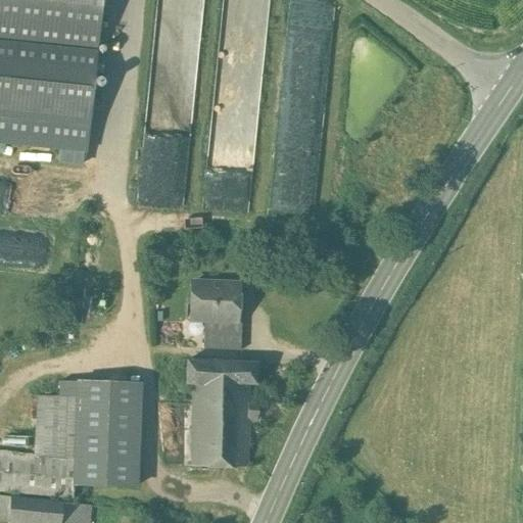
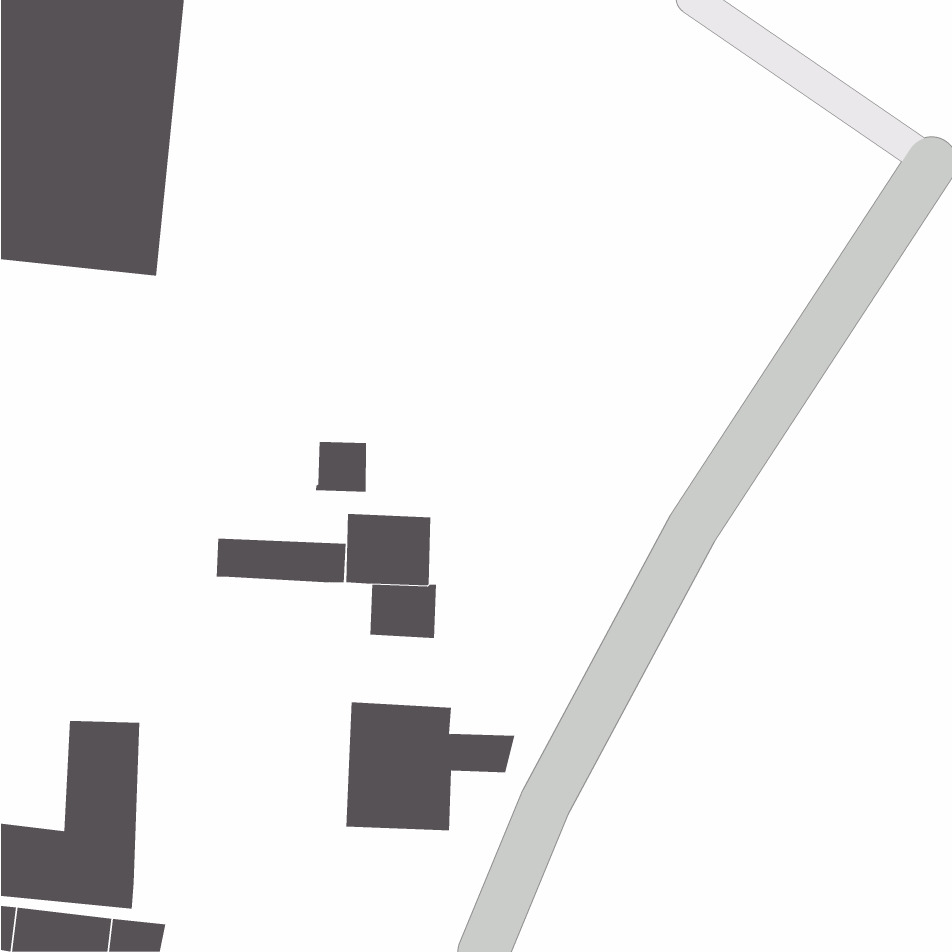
building: none -> [315,441,366,493]
building: [186,363,257,387] -> [216,538,346,583]
building: [75,381,140,485] -> none

